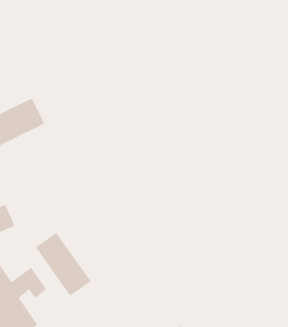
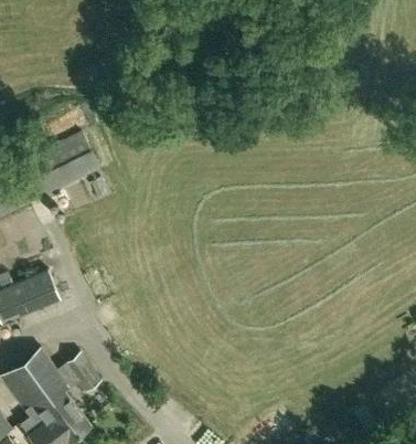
building: [35,232,91,297] -> none

